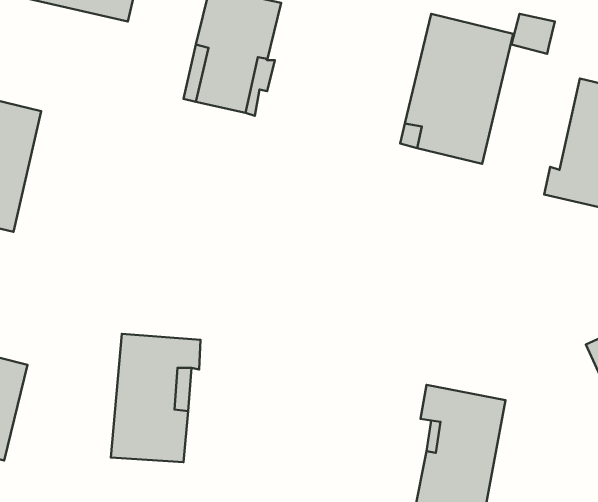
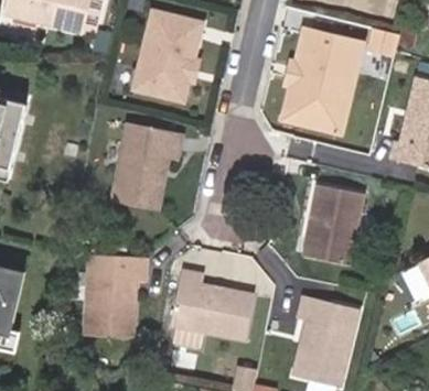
building: none -> [110,121,180,206]
building: none -> [301,182,363,262]
building: none -> [170,272,254,340]

